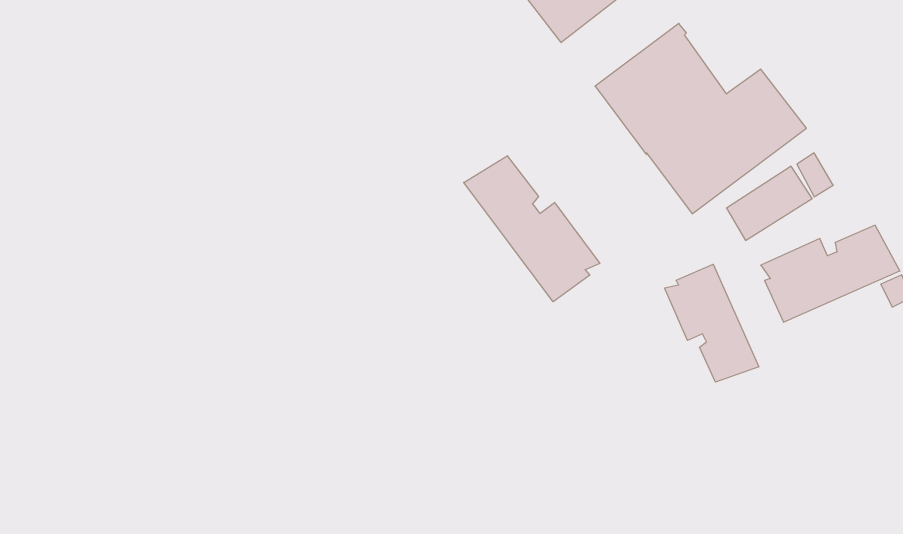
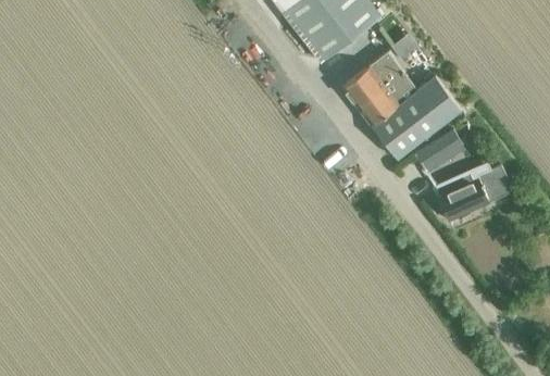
building: [464,156,600,302] -> none
building: [665,264,759,382] -> none

